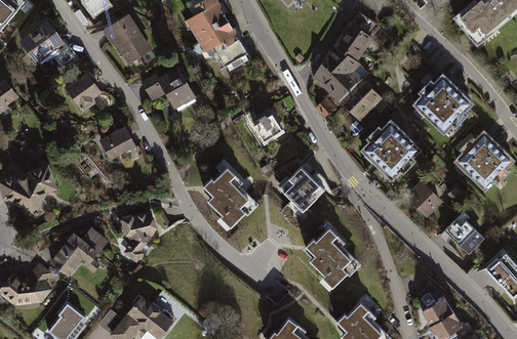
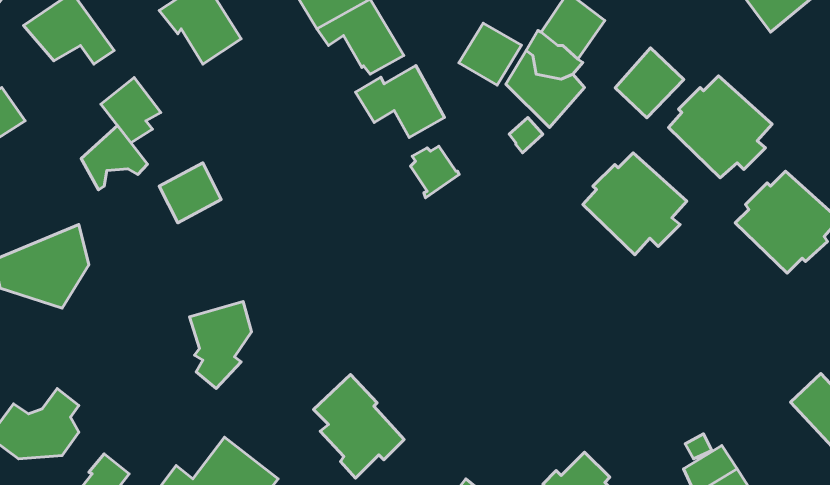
building: none -> [459,23,522,85]
building: [141,67,195,111] -> [356,65,444,137]
building: [340,79,382,122] -> [615,48,684,118]
building: none -> [81,126,148,190]
building: [204,165,260,228] -> [314,374,404,478]
building: [279,167,324,212] -> none
building: [407,180,443,218] -> none
building: [445,211,485,253] -> none
building: [49,226,108,277] -> none
building: [304,226,360,287] -> none

